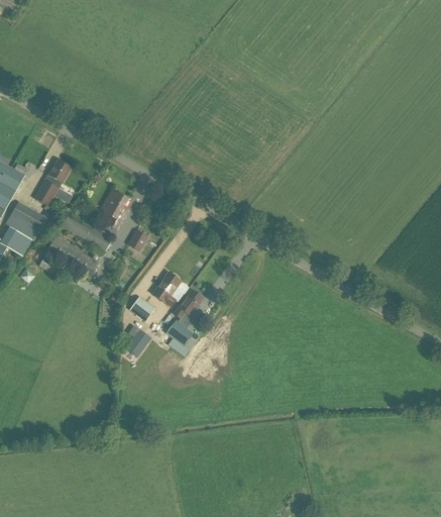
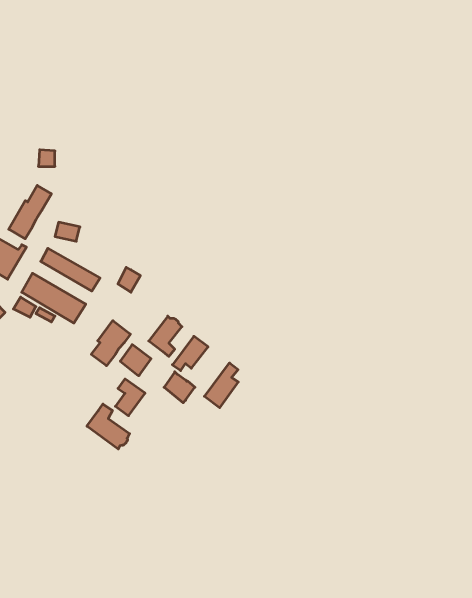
building: [101,190,128,229] -> none
building: none -> [91,321,130,366]
building: none -> [204,363,238,408]
building: none -> [87,404,130,449]

